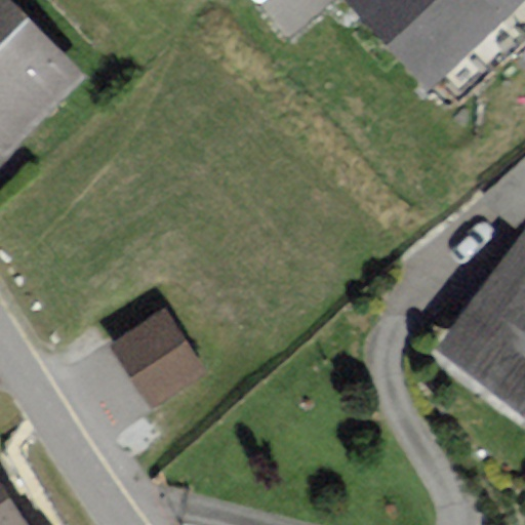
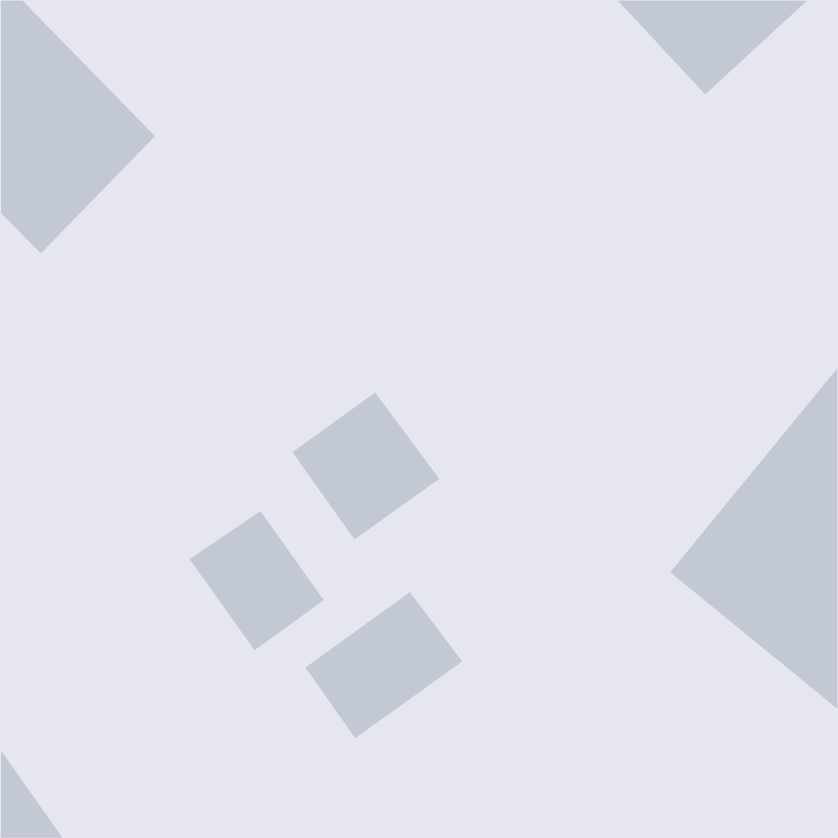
building: none -> [292,391,440,540]
building: none -> [304,591,463,739]

